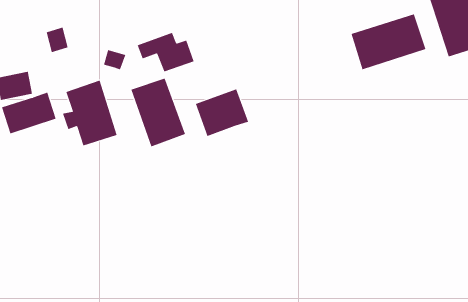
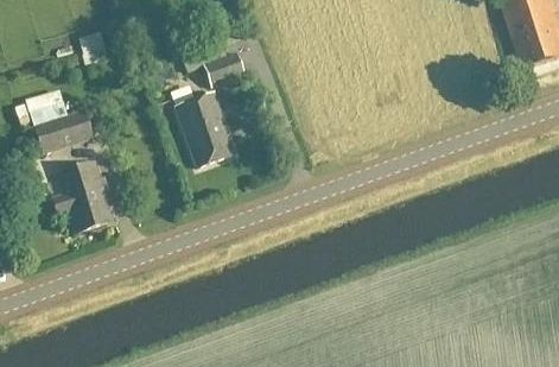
building: [351,13,426,70] -> none
building: [62,80,118,146] -> [52,159,113,232]
building: [195,89,249,137] -> none

